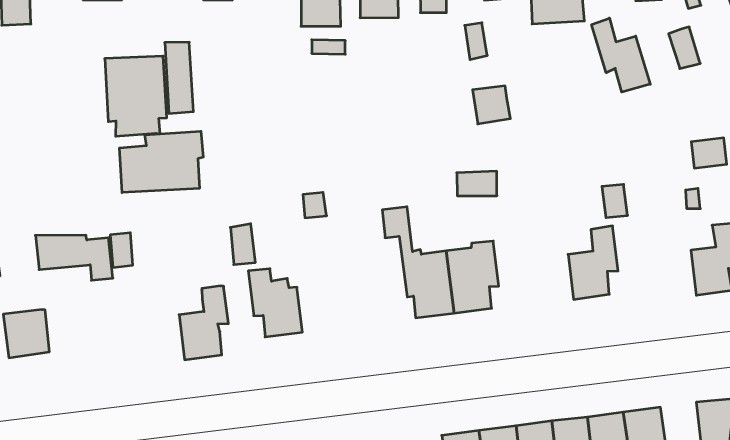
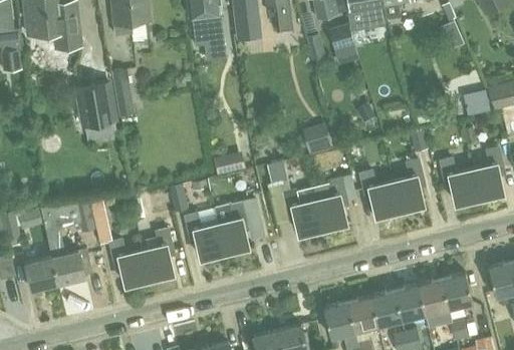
building: [592,18,650,92] -> none
building: [473,86,510,124] -> [328,24,355,51]
building: [120,131,203,193] -> none
building: none -> [439,157,480,204]
building: none -> [358,170,400,216]
building: none -> [217,199,264,252]
building: none -> [49,244,92,284]
building: none -> [108,239,149,285]

